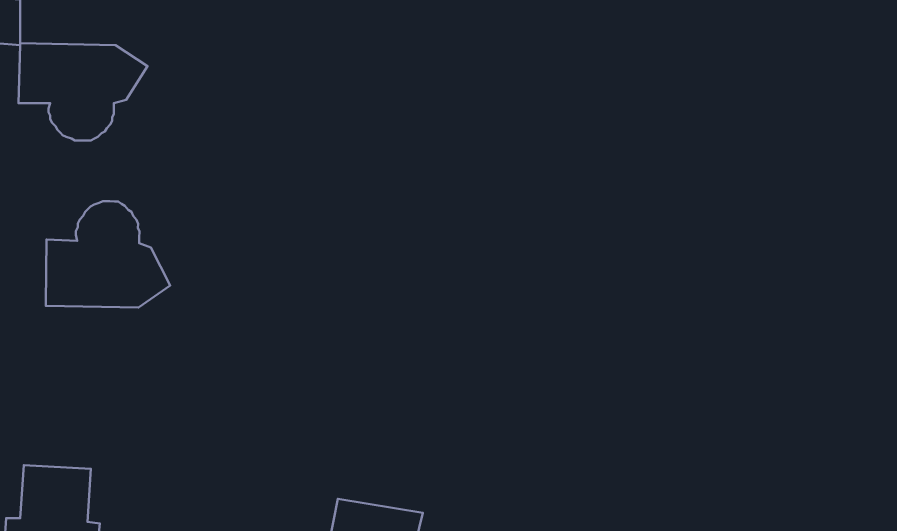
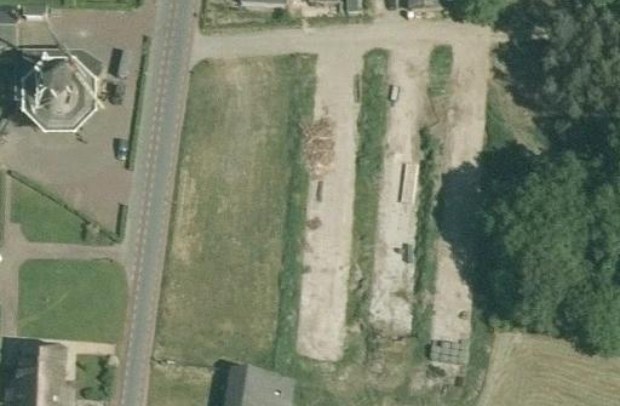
building: [46,201,170,307] -> none

